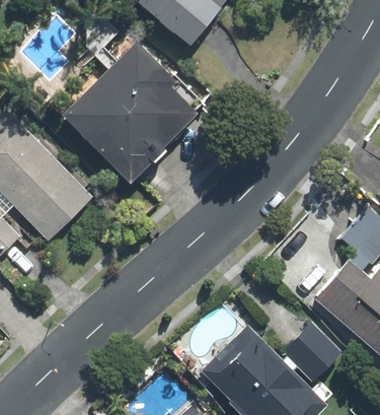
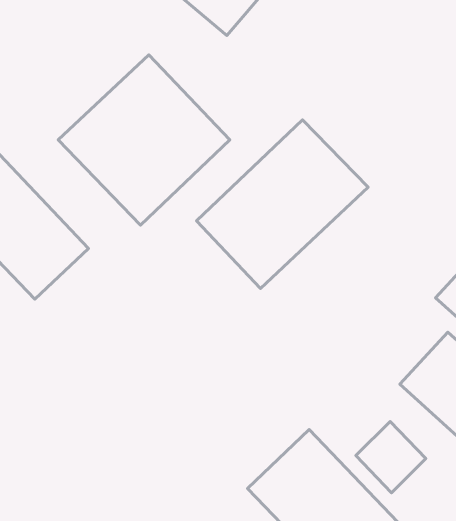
building: none -> [196,120,368,288]

